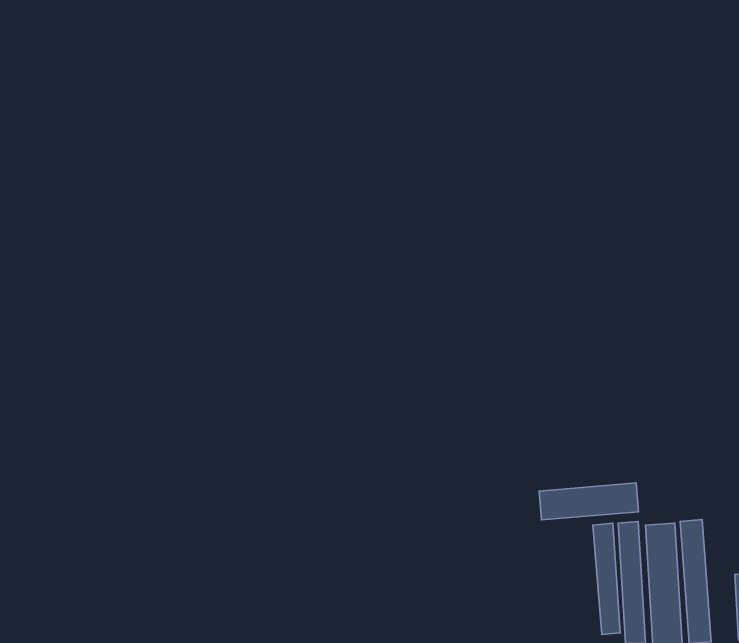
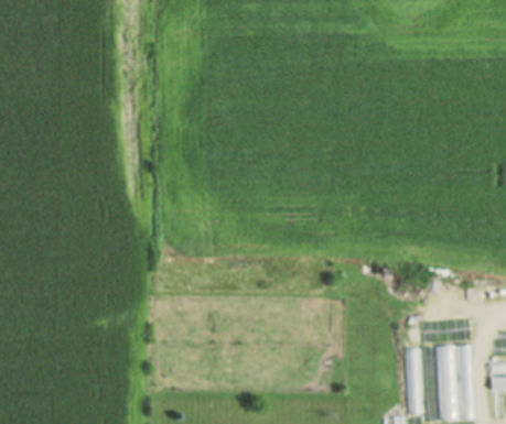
building: [539,483,639,520] -> none

